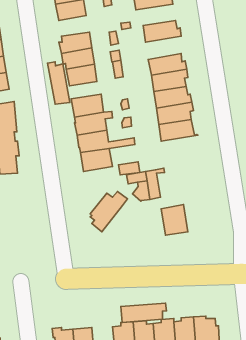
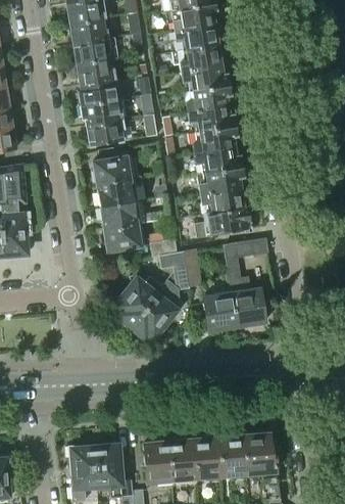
building: none -> [172,44,221,71]
building: none -> [78,58,115,84]
building: none -> [185,84,231,112]
building: [47,62,70,104] -> none
building: none -> [204,207,251,234]
building: none -> [225,240,266,326]
building: none -> [131,293,177,336]
building: [121,303,167,323] -> none

